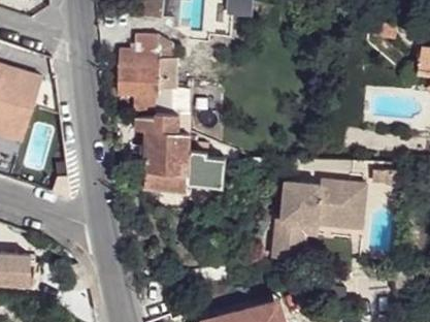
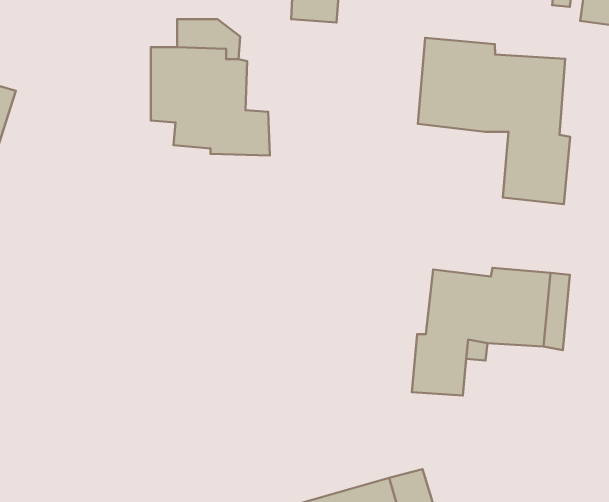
building: none -> [418,38,570,204]
building: [136,114,225,191] -> none

